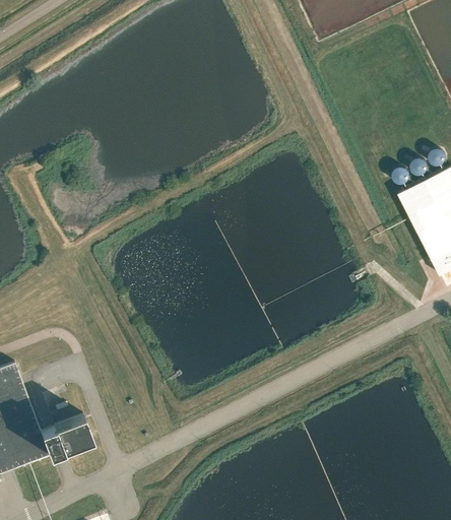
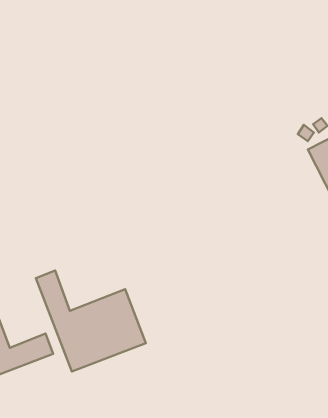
building: none -> [36,271,146,372]

